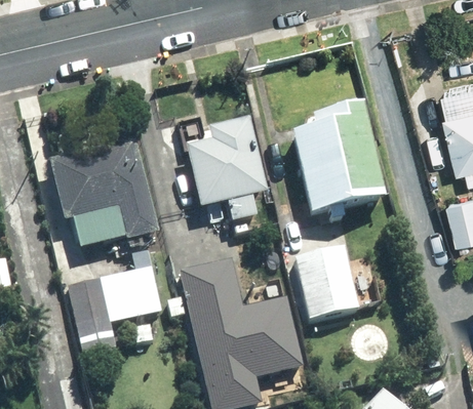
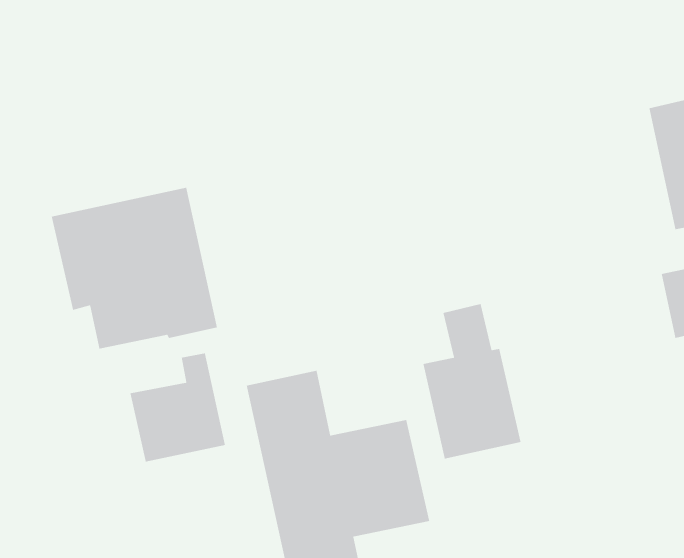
building: [291,100,386,217] -> none
building: [186,120,268,222] -> none
building: [69,277,114,345] -> none

